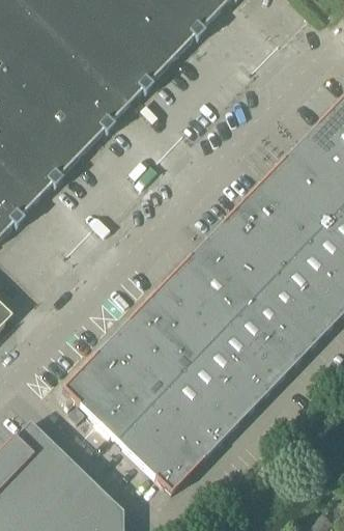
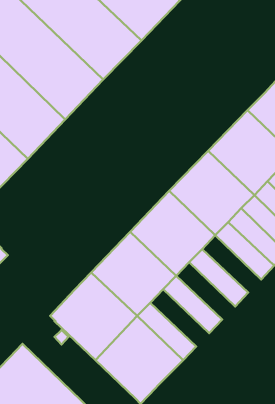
building: [246,290,316,359] -> none
building: [214,323,285,391] -> none
building: [183,355,254,423] -> none

